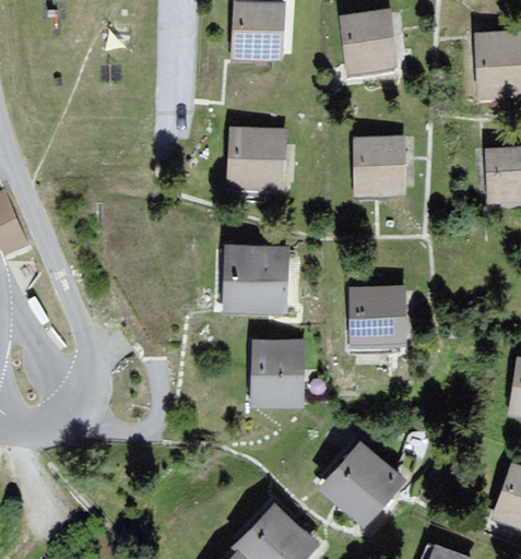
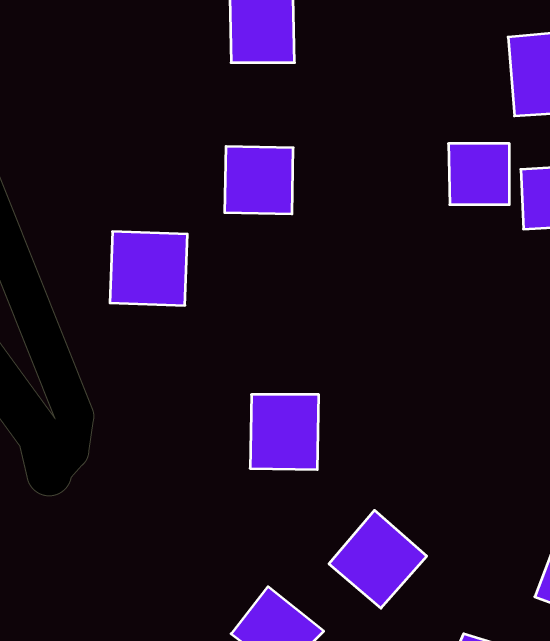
building: [341,11,398,70] -> none
building: [353,139,405,191] -> [448,144,509,205]
building: [222,248,288,311] -> [110,232,187,305]
building: [350,287,405,342] -> none

